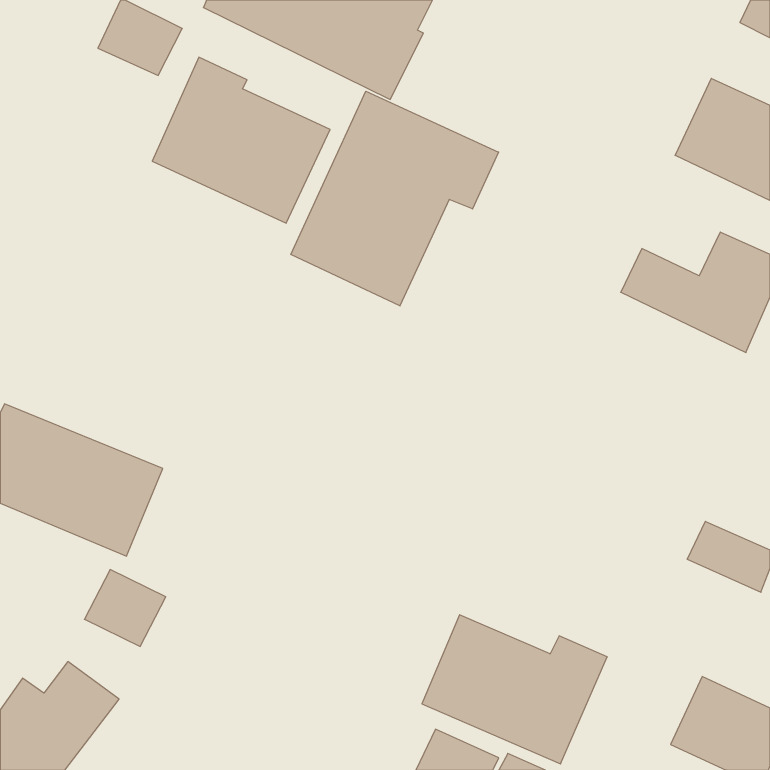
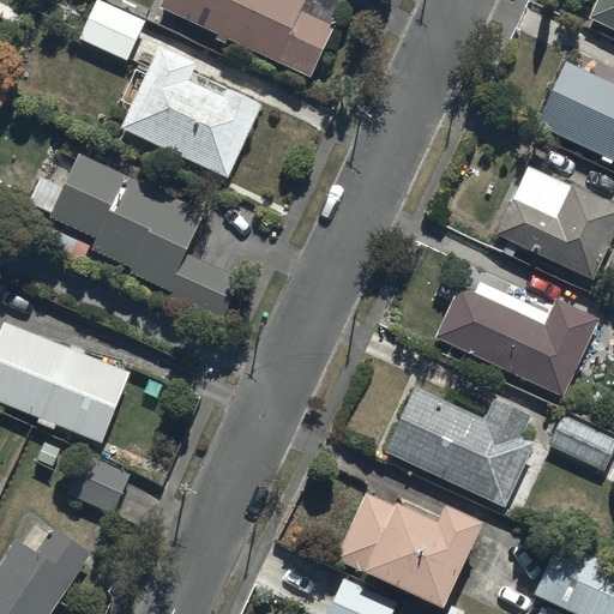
building: [291,91,499,306] -> none
building: none -> [30,154,242,324]
building: none -> [437,287,601,397]
building: none -> [384,386,536,507]

